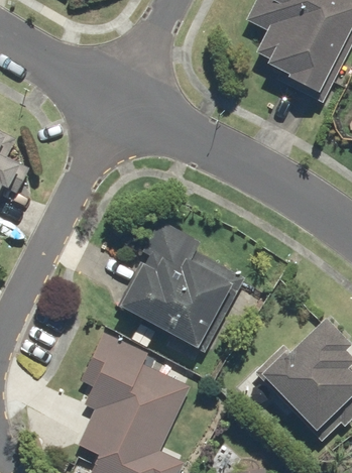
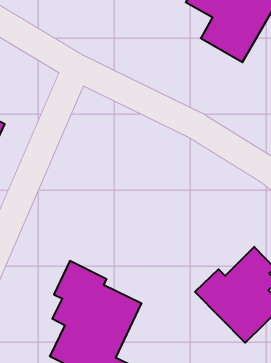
building: [119,223,238,349] -> none

